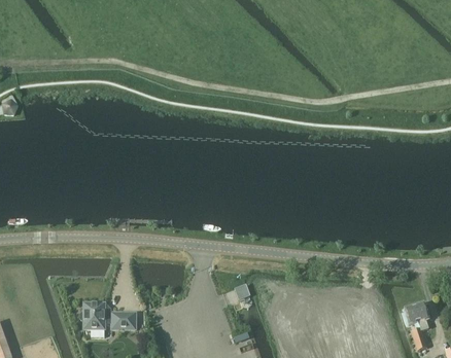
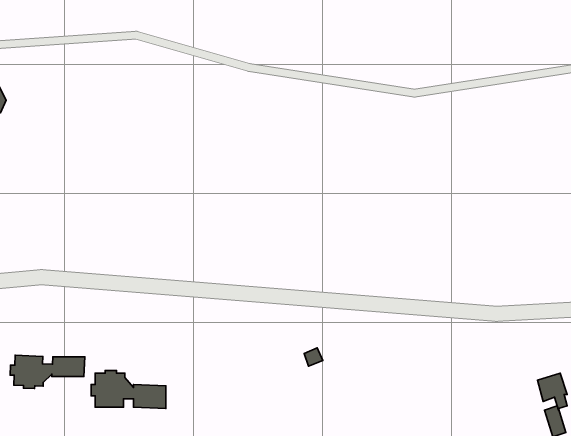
building: none -> [10,355,85,388]

